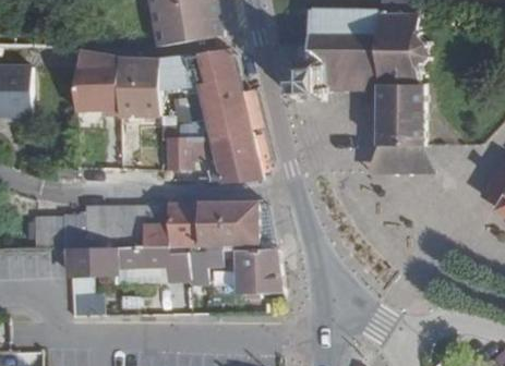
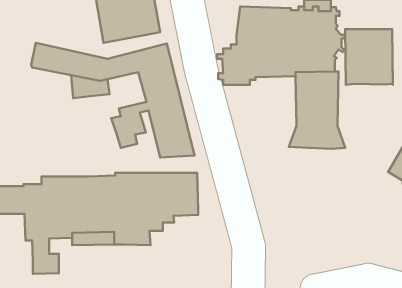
building: none -> [345,29,393,85]
building: [74,81,122,119] -> none
building: [236,248,285,293] -> none

